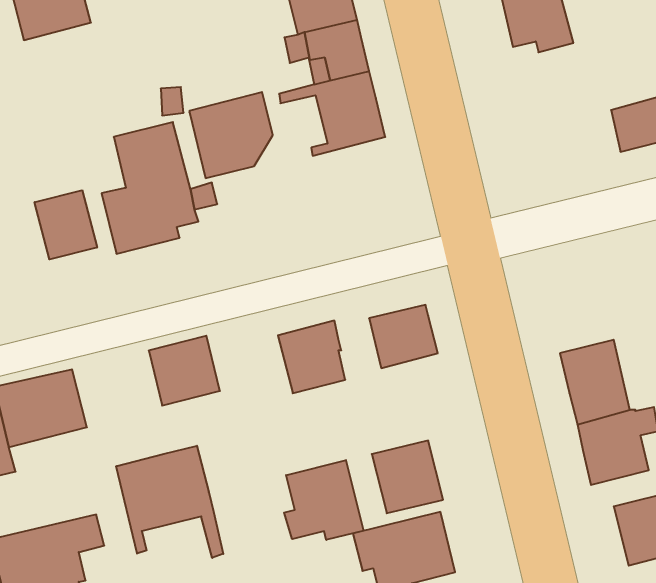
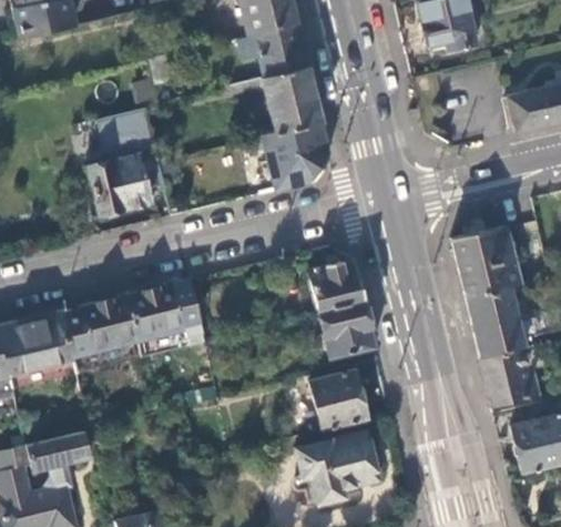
building: [189,92,273,178] -> [262,120,330,191]
building: [35,190,97,259] -> none
building: none -> [451,224,521,298]
building: [278,321,345,393] -> [318,298,374,358]
building: none -> [80,296,137,353]
building: [116,446,223,558] -> none
building: [284,460,364,540] -> none

